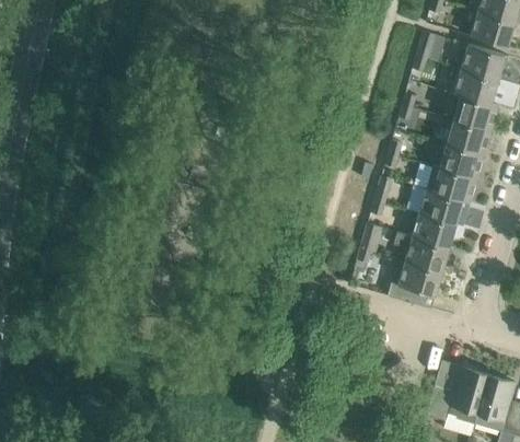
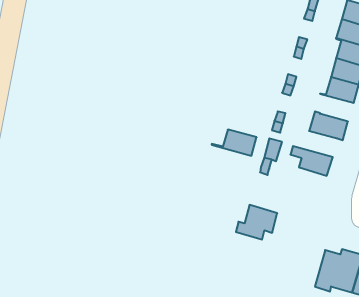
building: [426,164,476,200] -> none
building: [397,212,455,246] -> [212,130,257,156]
building: [388,259,441,304] -> [236,205,277,240]

